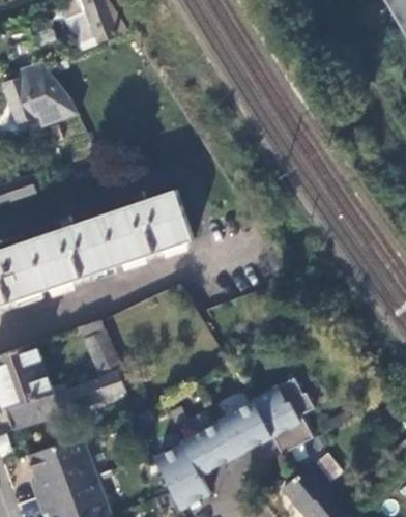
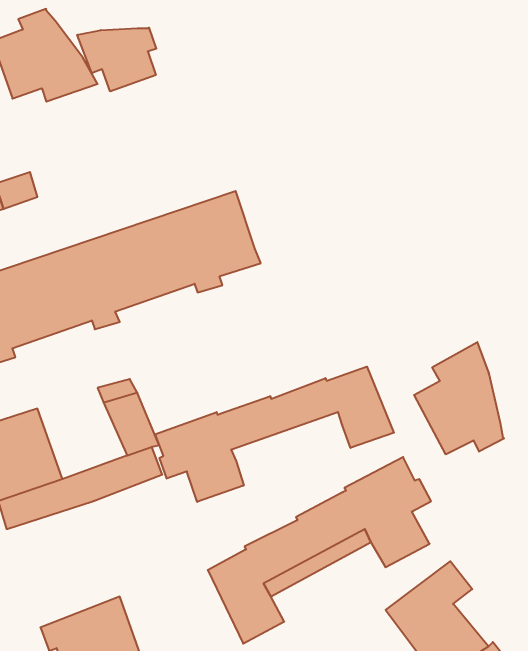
building: none -> [77,28,156,91]
building: none -> [414,342,504,454]
building: none -> [155,367,394,502]
building: [29,435,93,497] -> none

